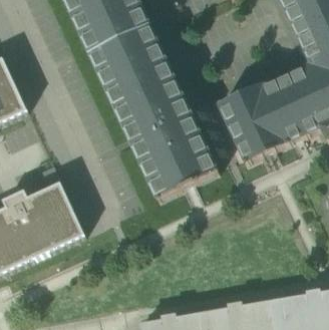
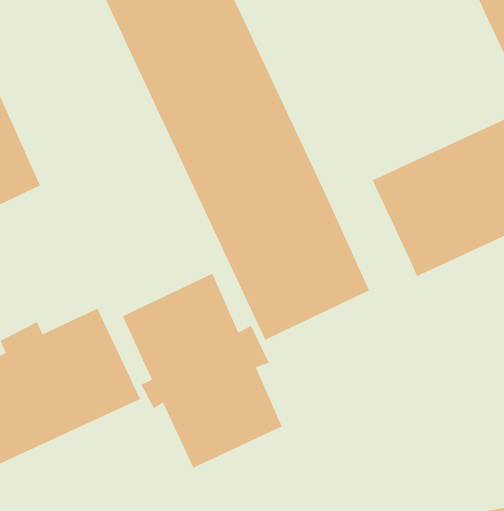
building: none -> [122,273,282,468]

